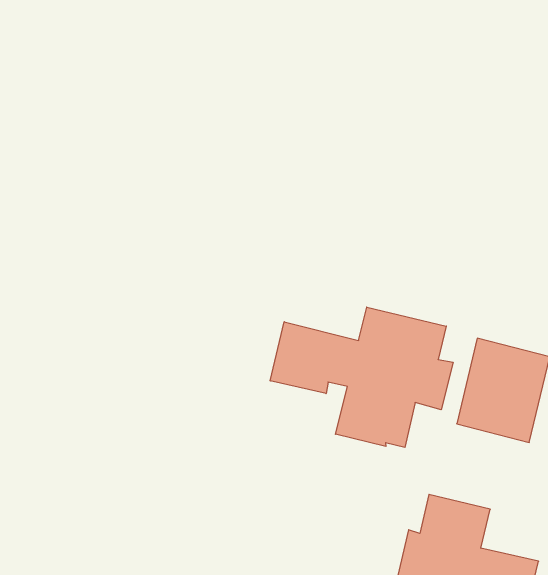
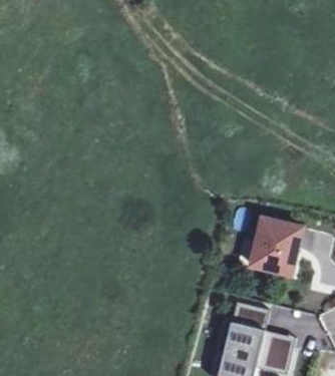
building: [270,307,453,447] -> none

